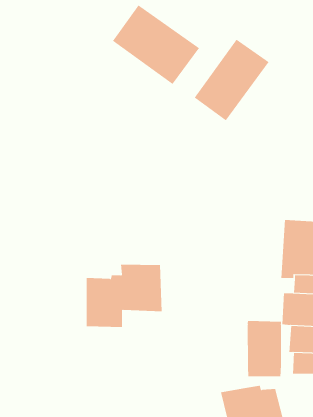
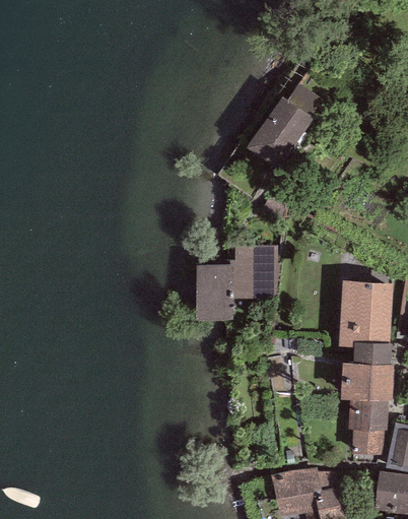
building: [112,5,200,85] -> none
building: [86,264,163,327] -> [194,248,280,319]
building: [247,320,282,377] -> none

